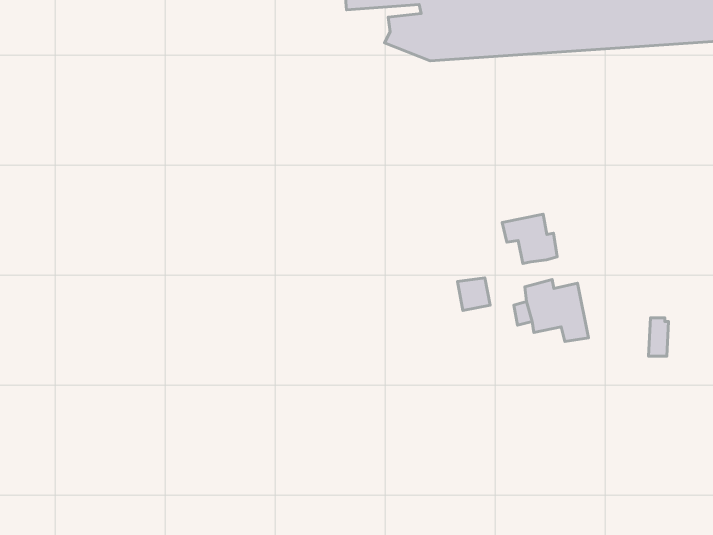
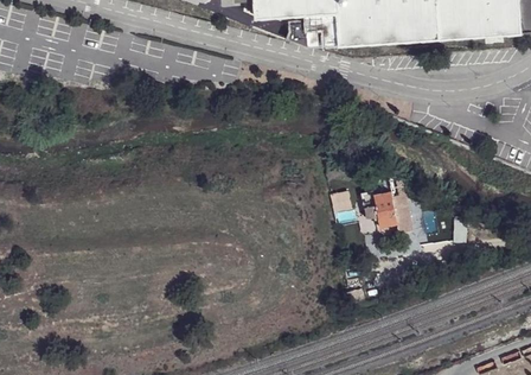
building: [502,214,557,264] -> none

